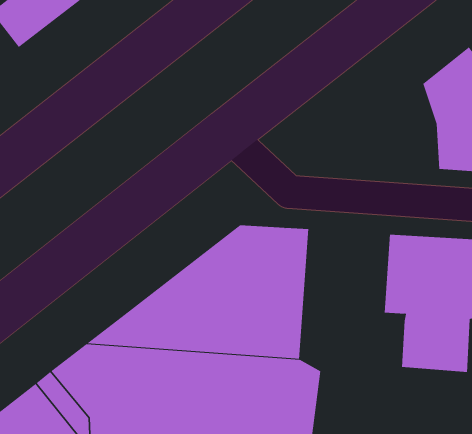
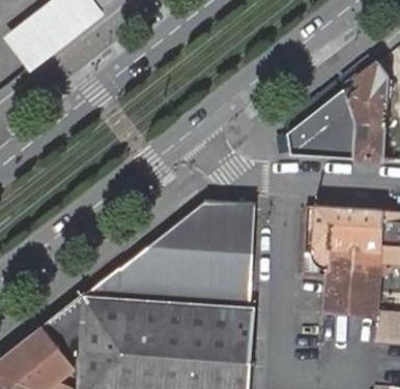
building: none -> [288,91,356,157]

